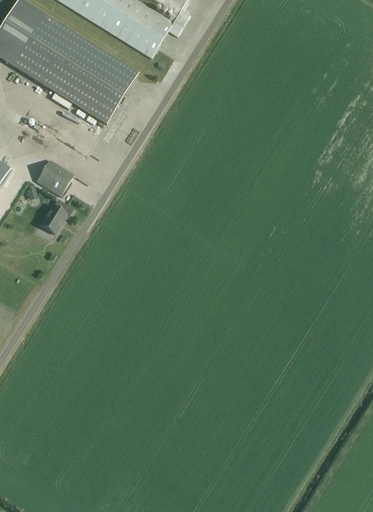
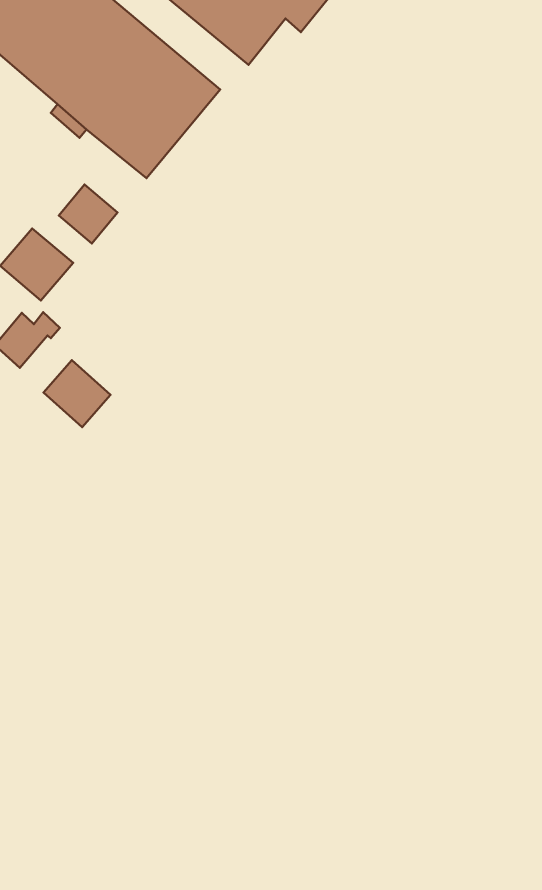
building: none -> [59,184,118,243]
building: none -> [43,360,110,427]

